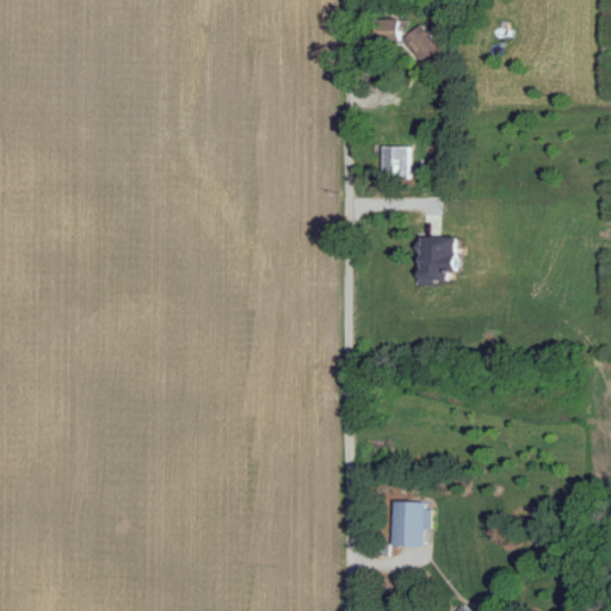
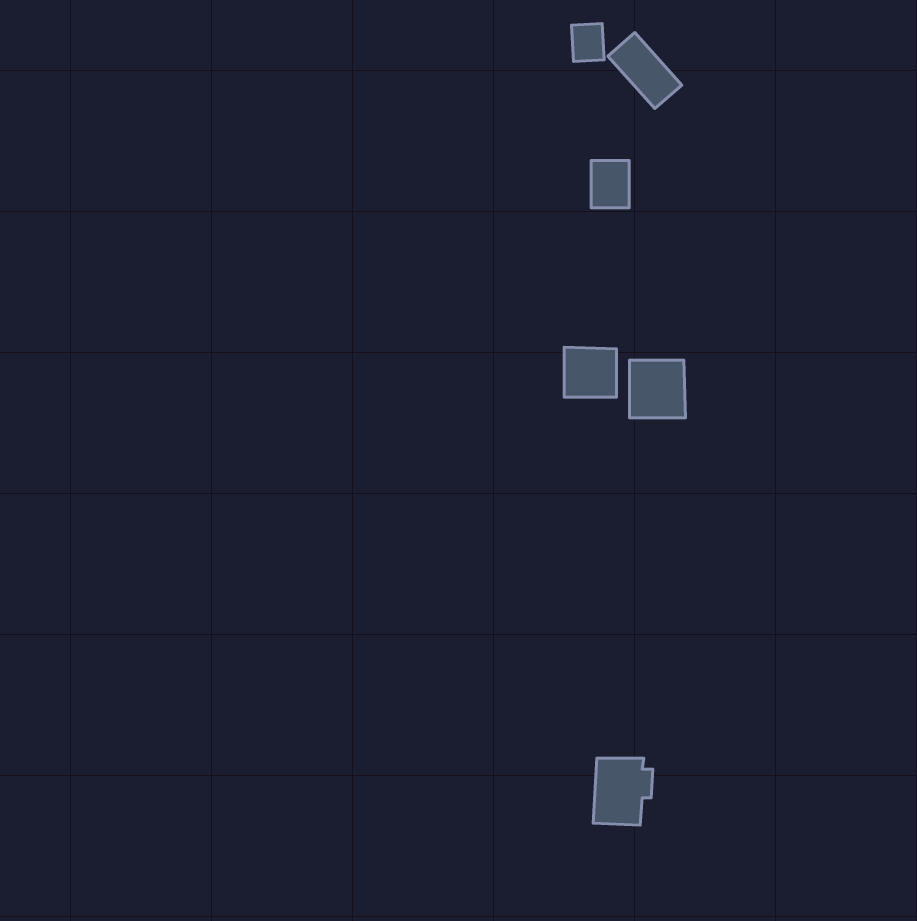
building: [382,147,407,178] -> [591,161,629,208]
building: none -> [564,347,616,397]

